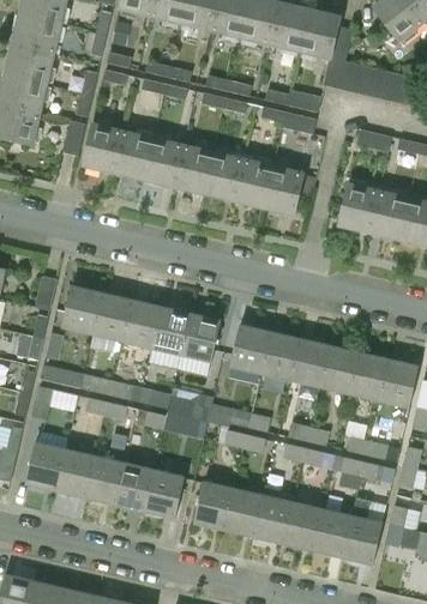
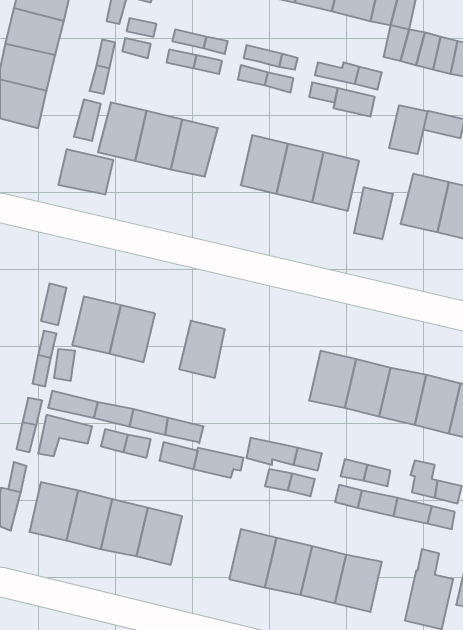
building: none -> [389,105,428,154]
building: [173,145,212,193] -> none
building: none -> [59,149,113,195]
building: none -> [354,187,393,239]
building: [121,301,161,348] -> none
building: [181,314,221,362] -> none
building: [230,325,270,374] -> none
building: [167,388,214,422] -> none
building: [144,471,185,519] -> none
building: [312,509,350,558] -> none

